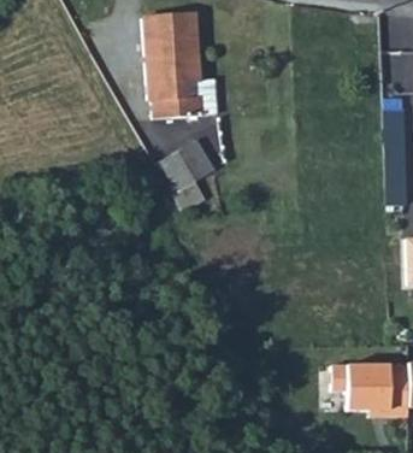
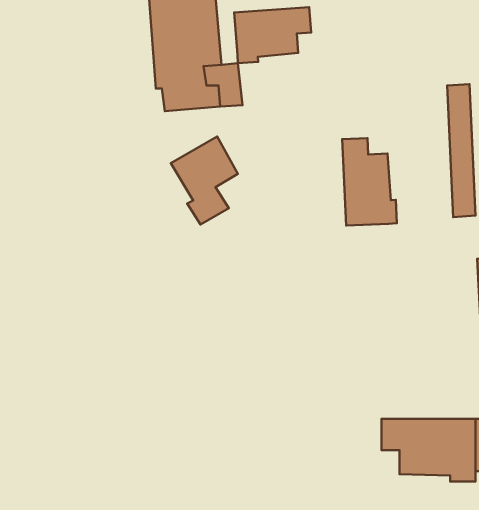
building: none -> [234,7,311,63]
building: none -> [342,138,397,226]

